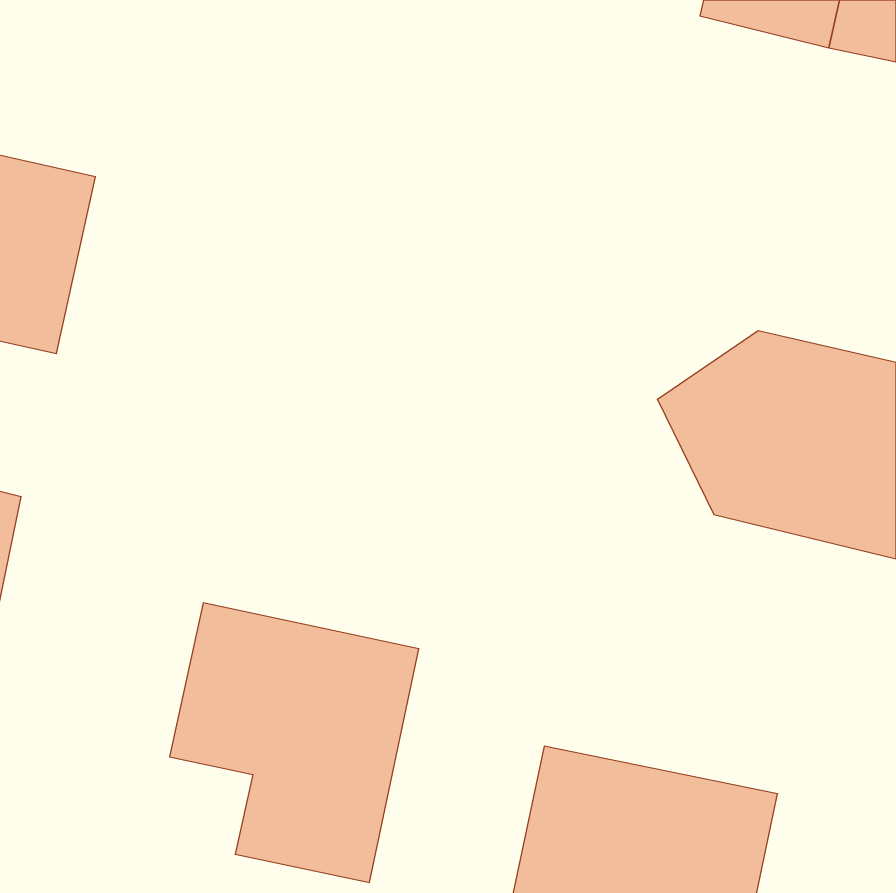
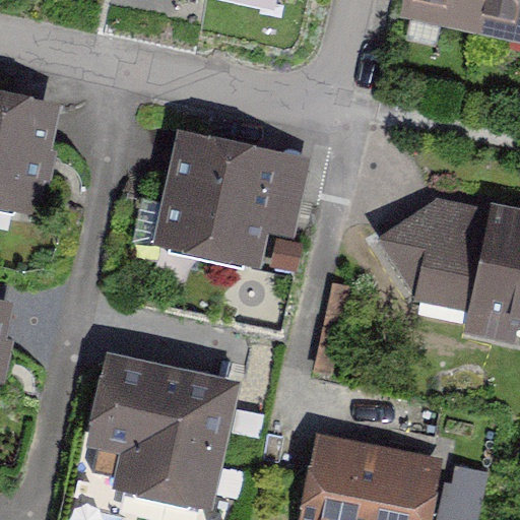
building: none -> [166,134,295,266]

